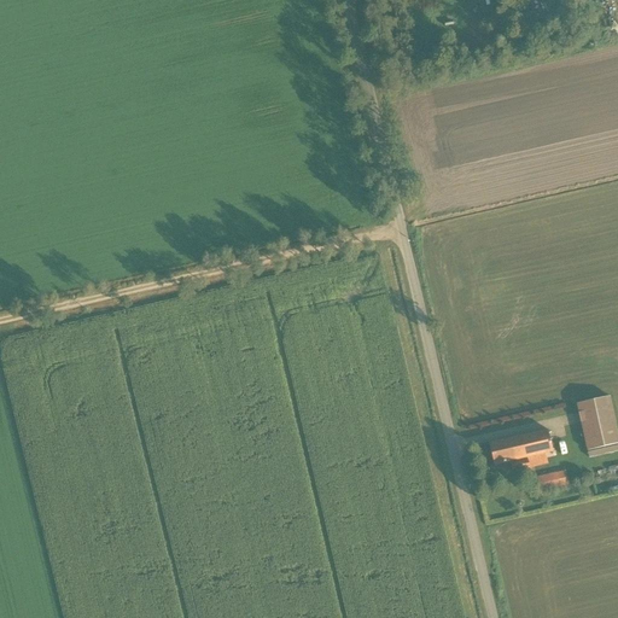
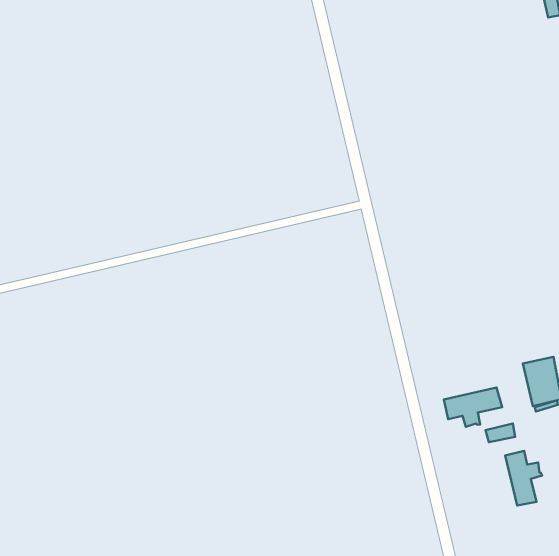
building: none -> [505,451,542,505]

